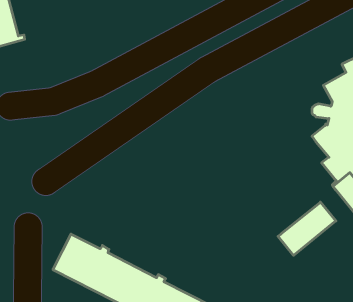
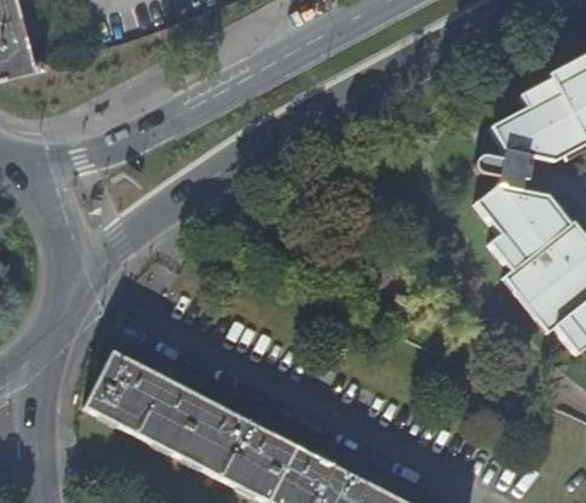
building: [278,202,336,255] -> none

